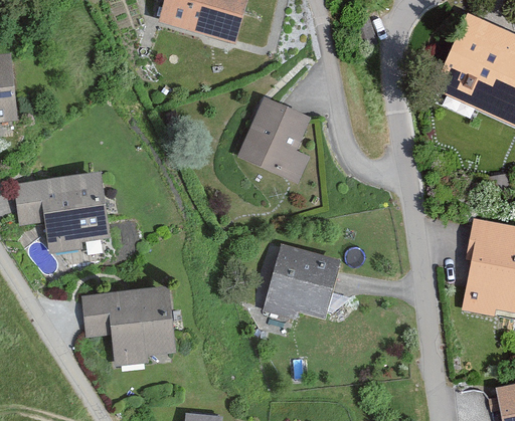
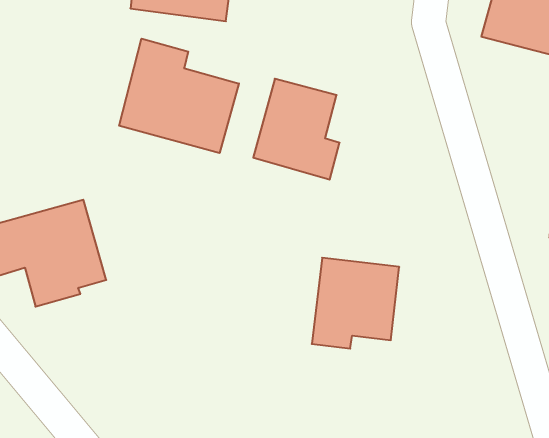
building: none -> [119,39,239,153]
building: [82,287,172,363] -> none

